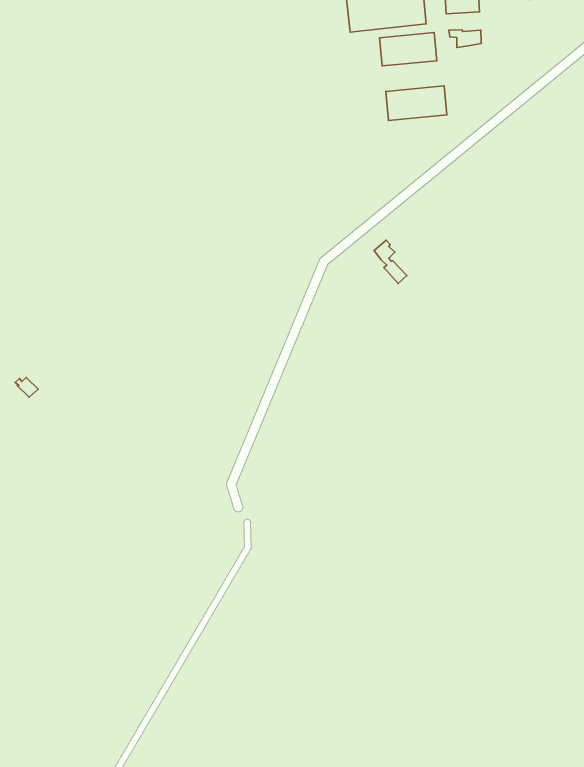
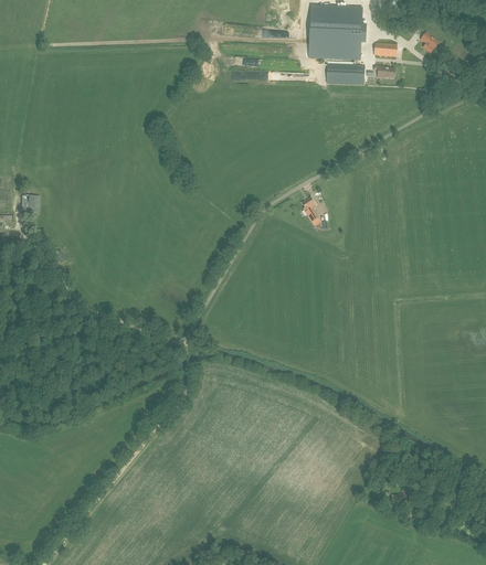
building: [386,86,447,120] -> none

